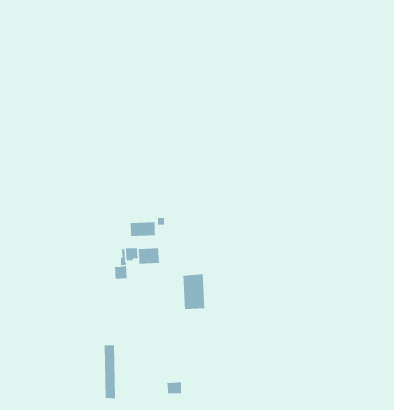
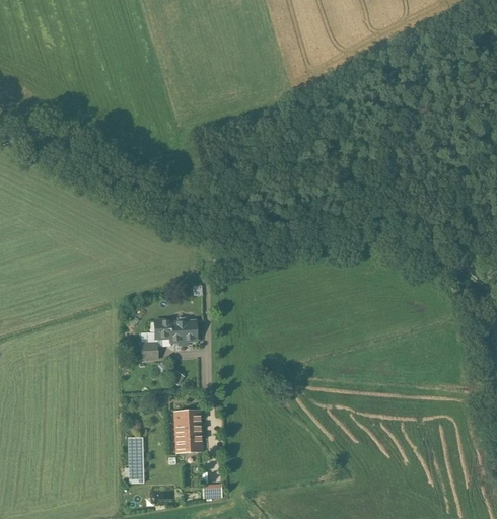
building: [130,221,156,237] -> none
building: [182,274,205,310] -> [174,410,202,453]

